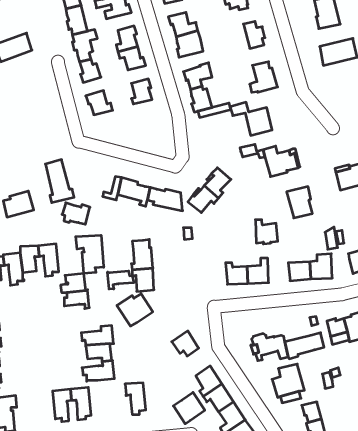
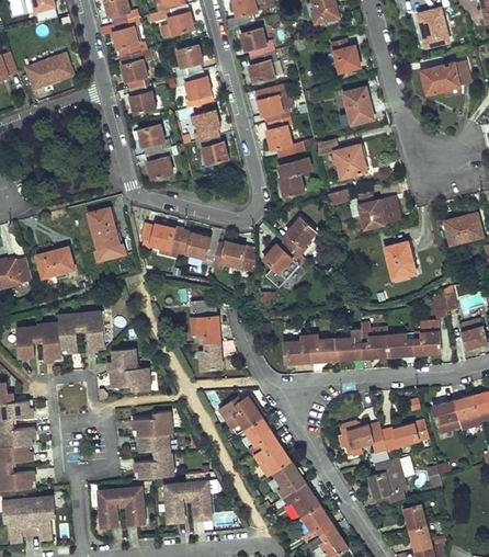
building: none -> [196,135,228,164]
building: none -> [148,148,173,179]
building: none -> [278,158,311,197]
building: [62,203,90,224] -> [140,224,174,250]
building: [255,220,278,244] -> [361,330,388,360]
building: [76,235,104,274] -> none
building: none -> [284,334,311,363]
building: [108,271,134,289] -> none
building: [117,294,153,326] -> [219,396,263,435]
building: none -> [164,482,187,522]
building: [173,392,205,424] -> [252,439,291,477]

